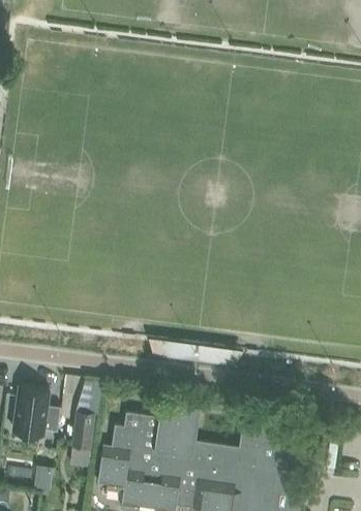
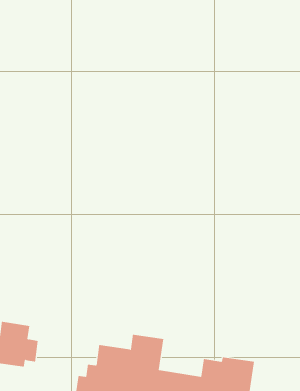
building: [71,412,94,450] -> none

